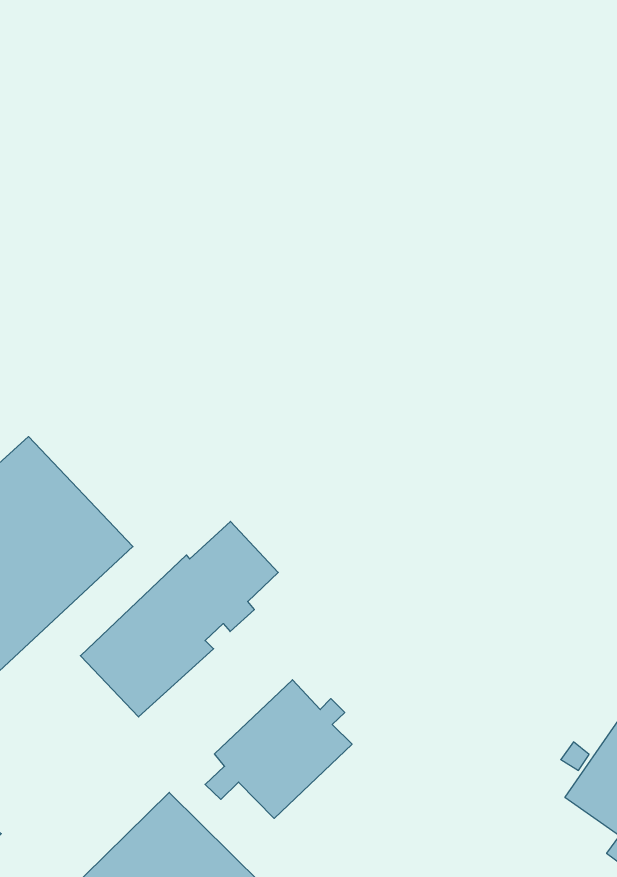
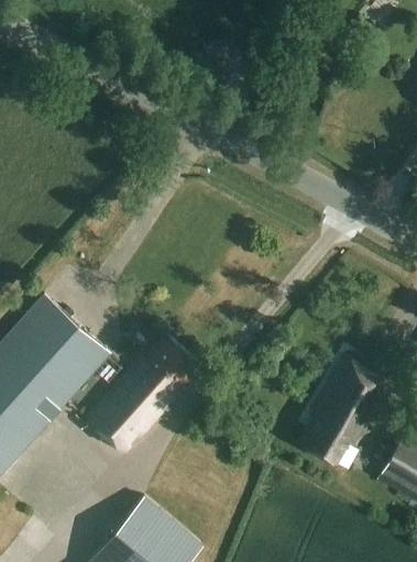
building: none -> [295,357,392,466]
building: [205,680,352,818] -> none

